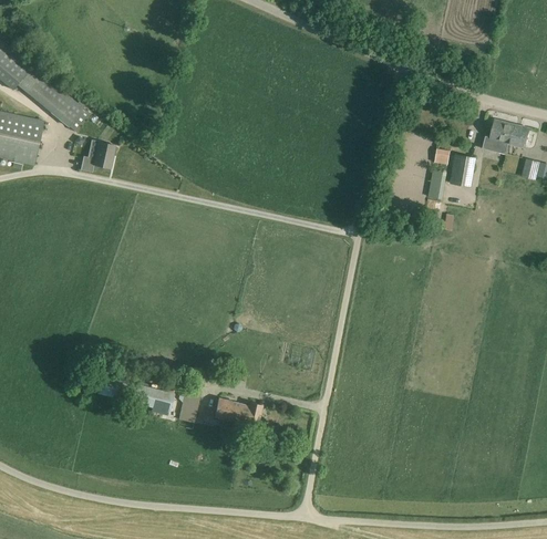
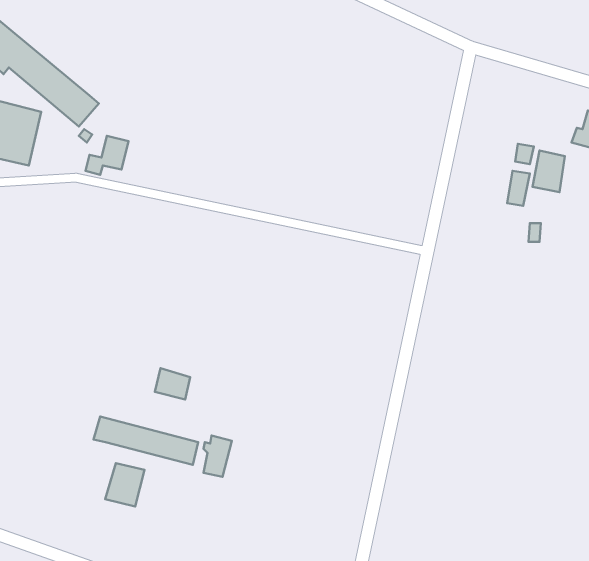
building: none -> [155,368,190,400]
building: [211,398,260,434] -> none
building: none -> [105,463,145,507]

